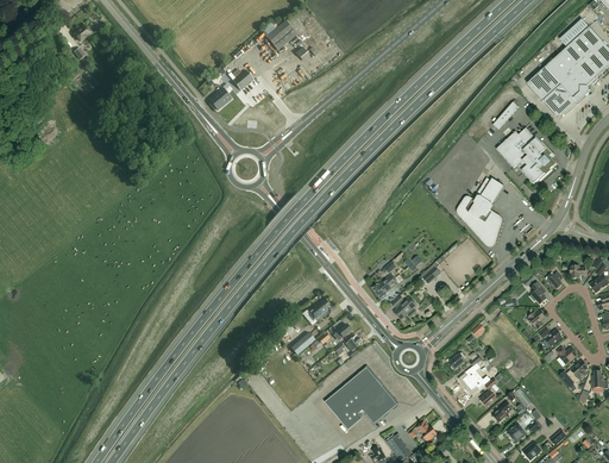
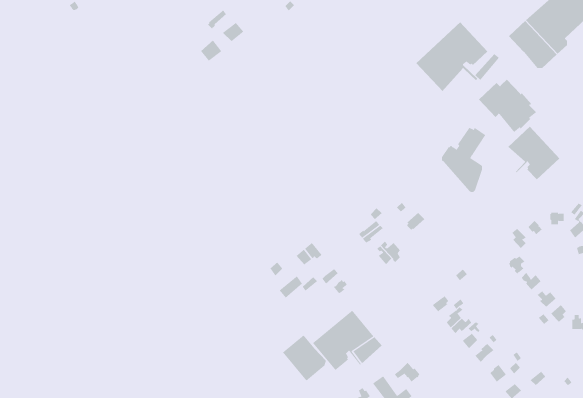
building: none -> [415,21,488,92]
building: none -> [507,126,560,180]
building: none -> [282,334,327,382]

